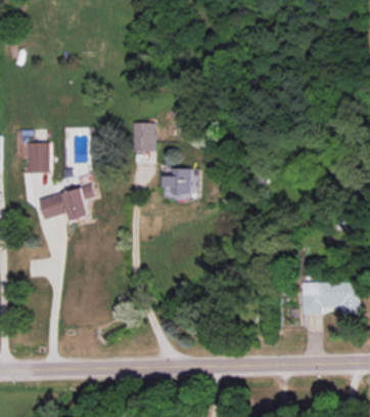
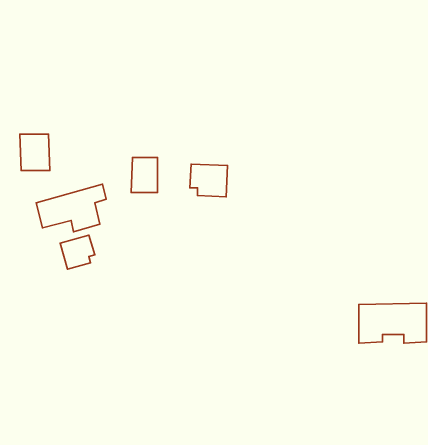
building: [132,123,153,152] -> [131,157,157,192]
building: none -> [60,235,95,269]

